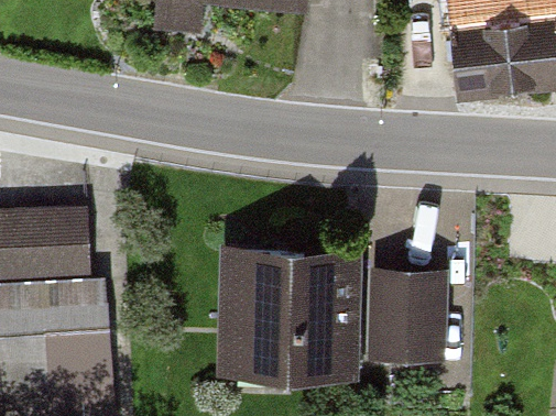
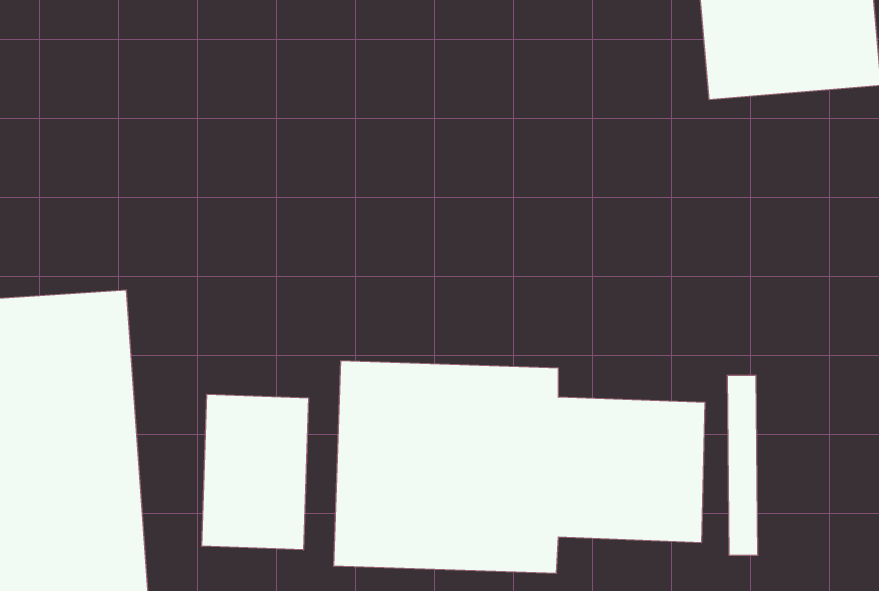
building: none -> [202,394,308,550]

